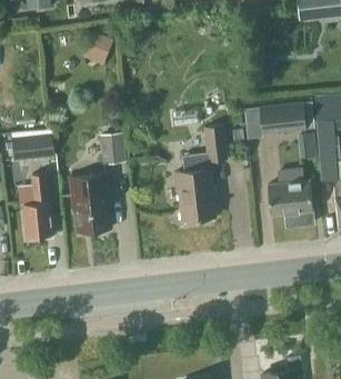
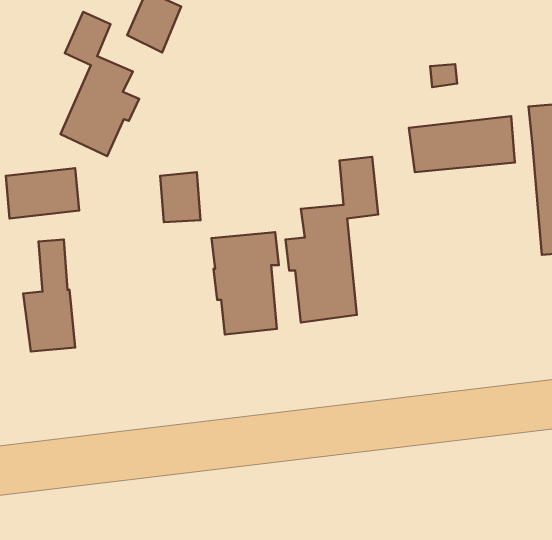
building: none -> [61,12,139,156]
building: [268,170,313,226] -> none
building: [71,174,110,233] -> [211,232,279,334]

